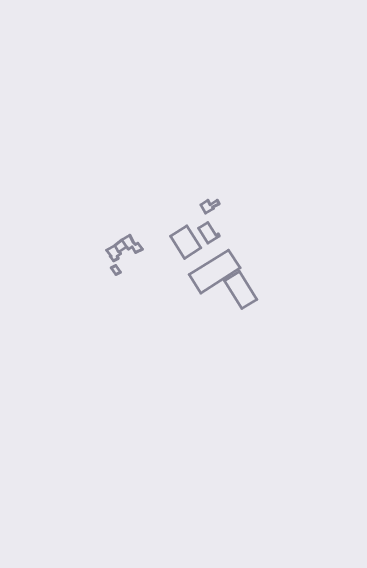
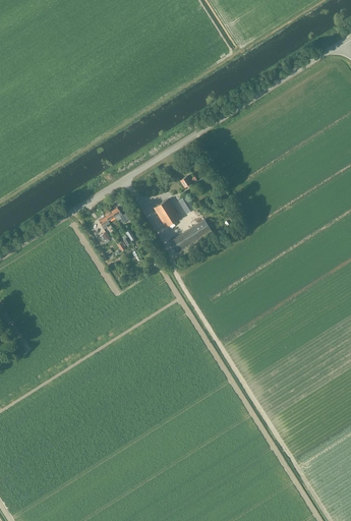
building: [224,272,257,309] -> none

